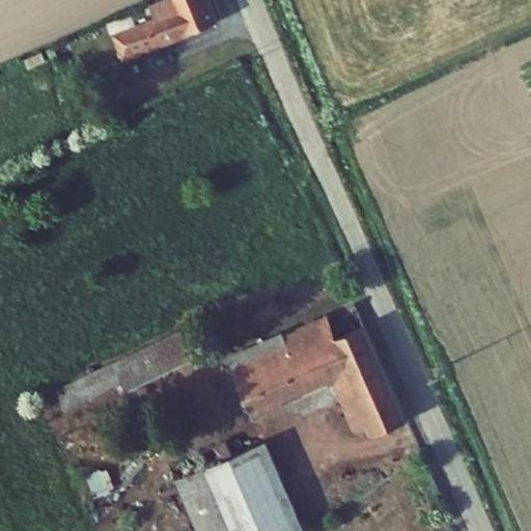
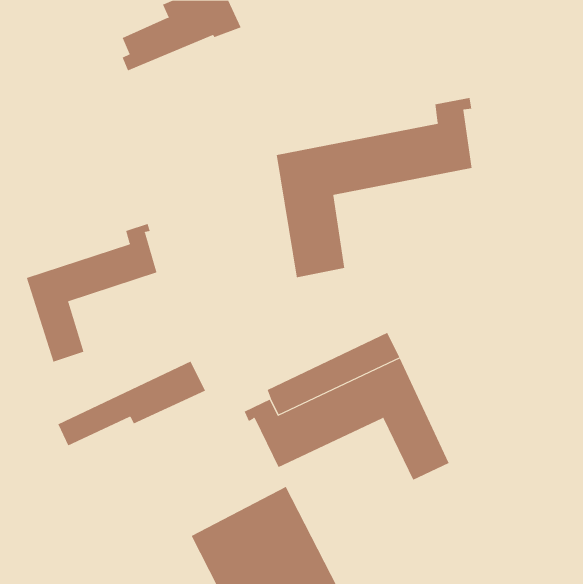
building: none -> [276,97,472,278]
building: none -> [26,223,157,362]

